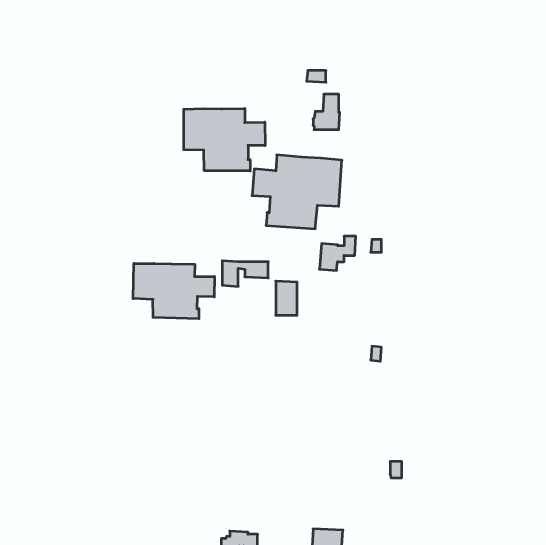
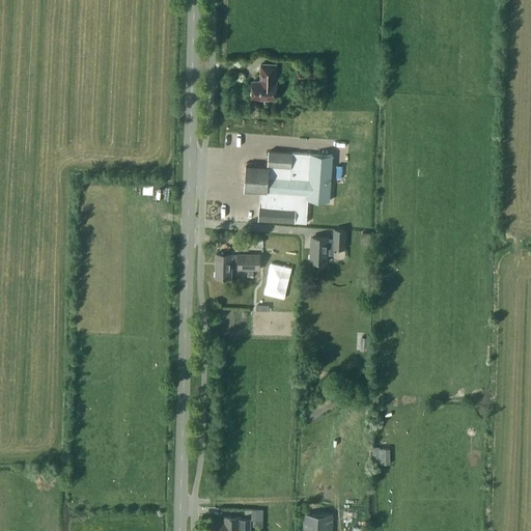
building: [313,94,340,130] -> [251,65,277,100]
building: [184,108,265,171] -> none
building: [133,263,214,319] -> none

